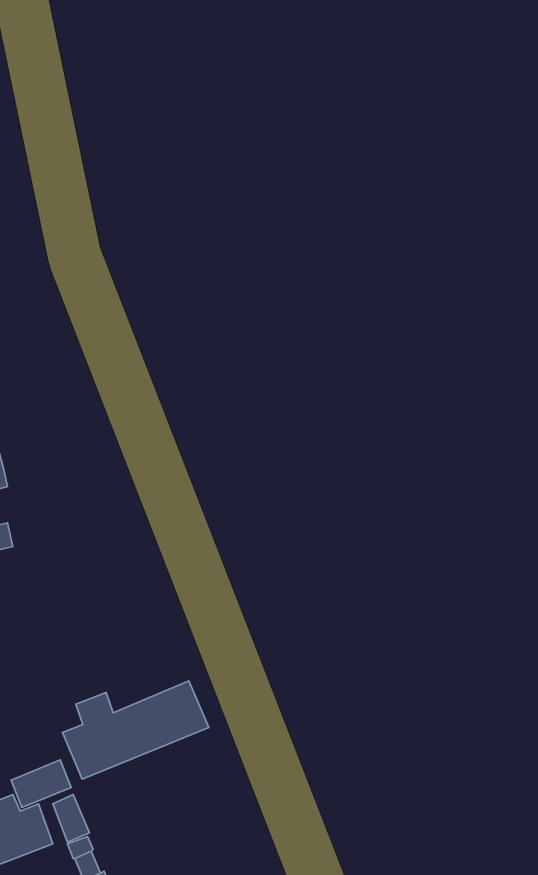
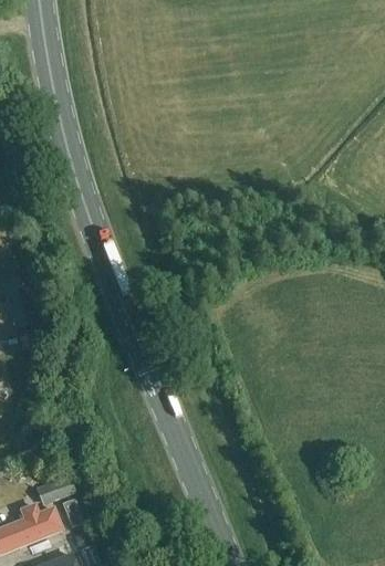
building: [62,681,209,779] -> none

